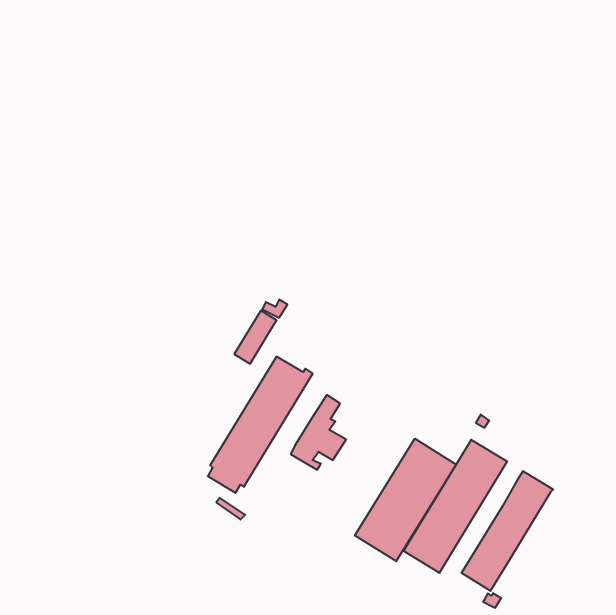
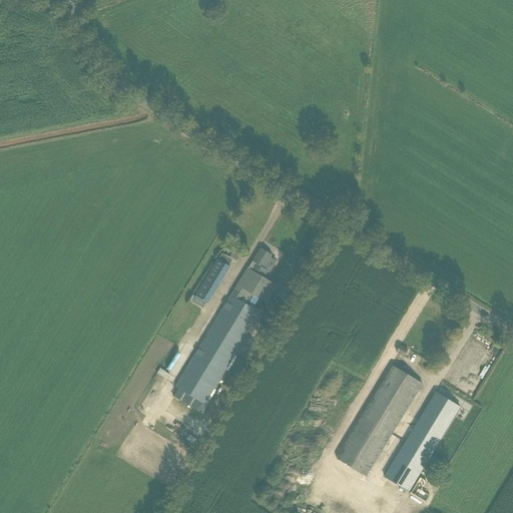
building: [291,395,346,470] -> [229,246,276,309]
building: [355,439,456,561] -> none

